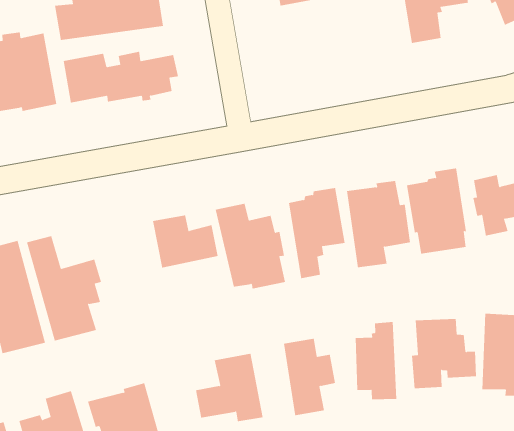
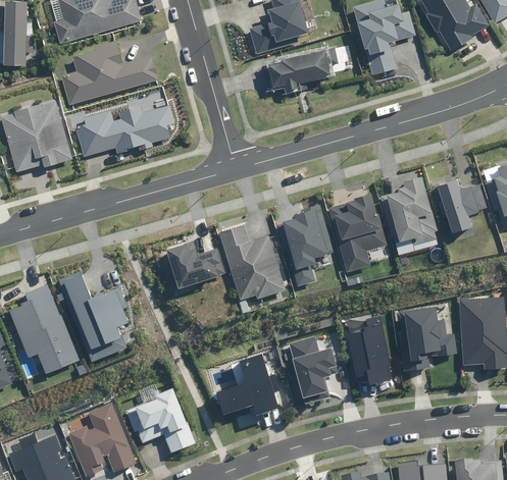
building: none -> [262,46,341,91]

